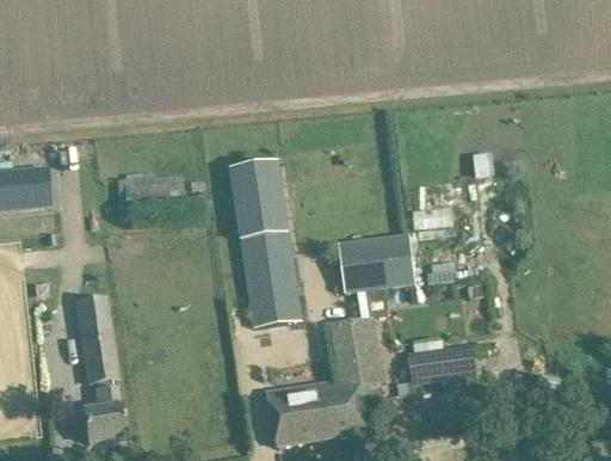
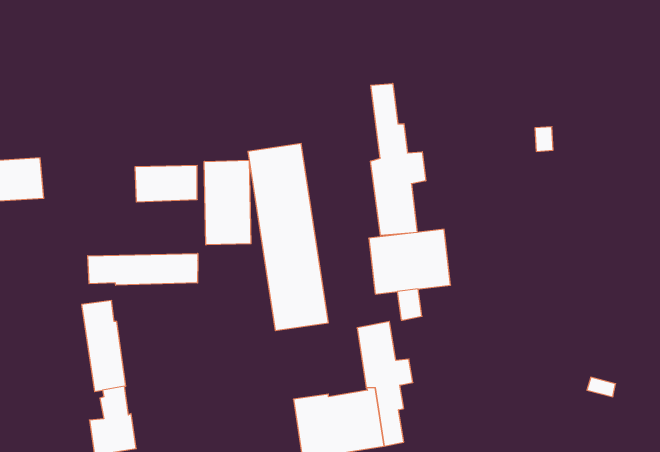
building: none -> [371,83,426,236]
building: none -> [204,160,251,245]
building: none -> [88,253,198,285]
building: [415,350,475,383] -> none

